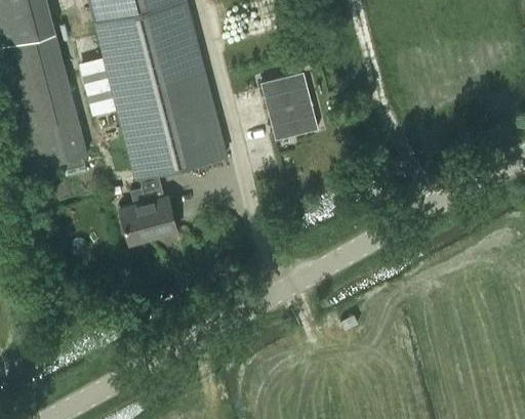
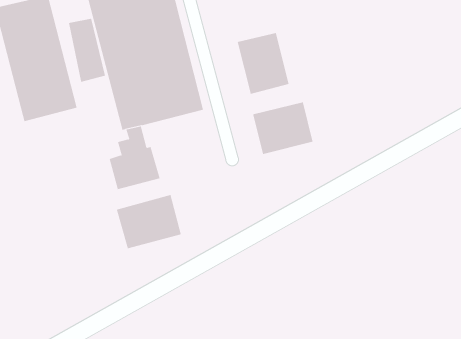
building: none -> [252,101,313,155]
building: none -> [116,194,181,249]

